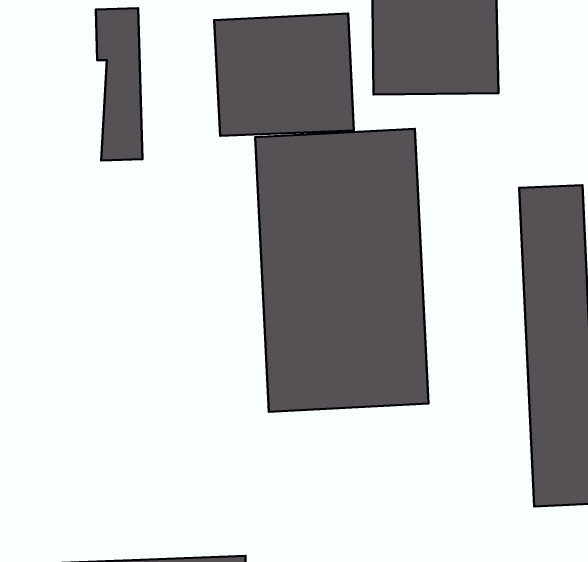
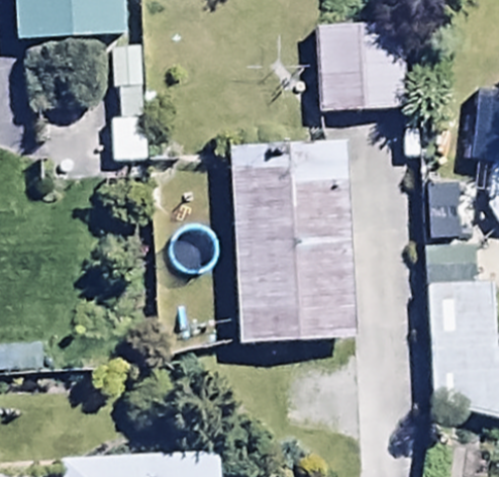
building: [214,13,354,136] -> none

